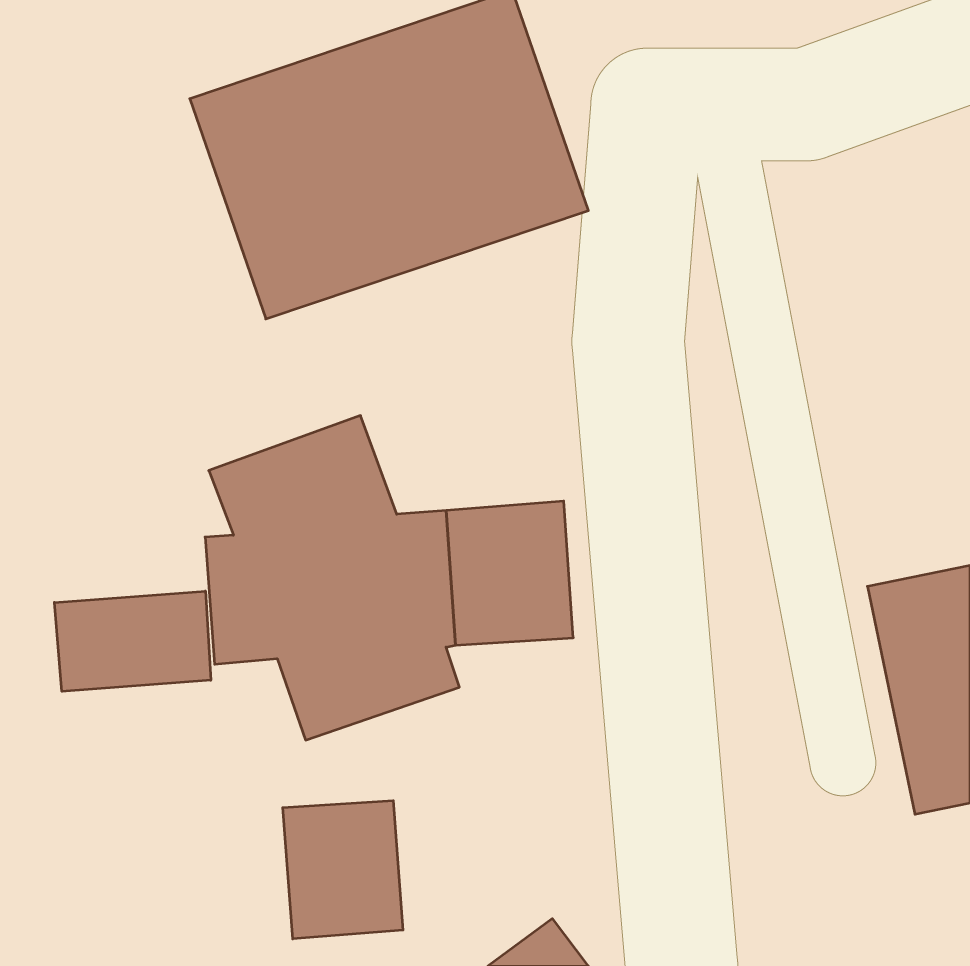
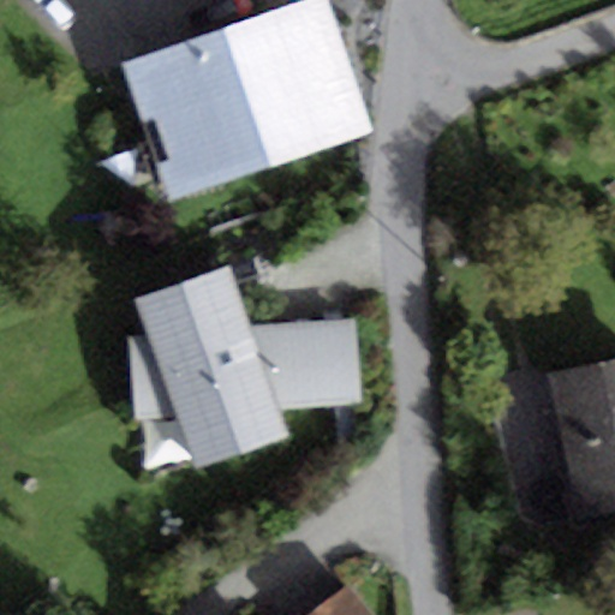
building: [54,591,211,691] -> none
building: [283,801,403,939] -> none

